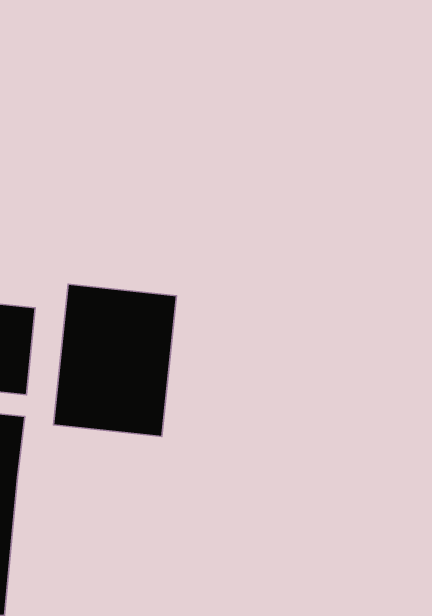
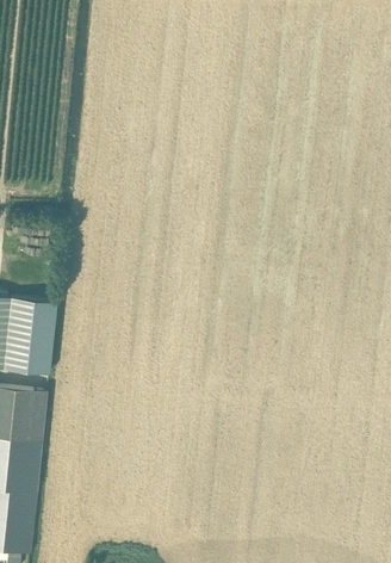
building: [53,284,176,436] -> none

